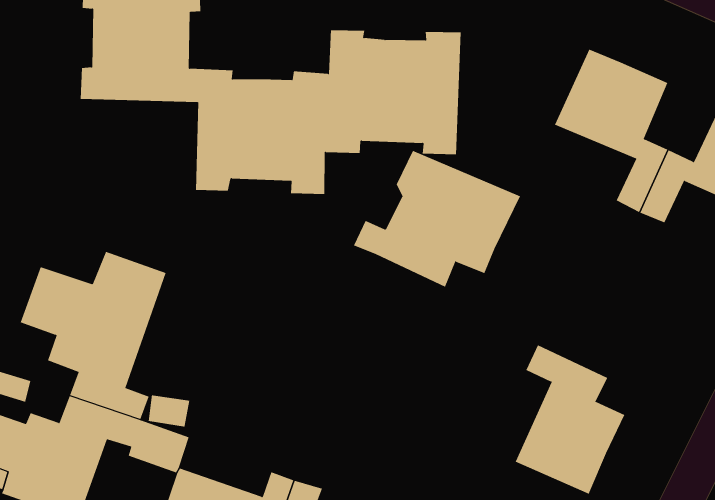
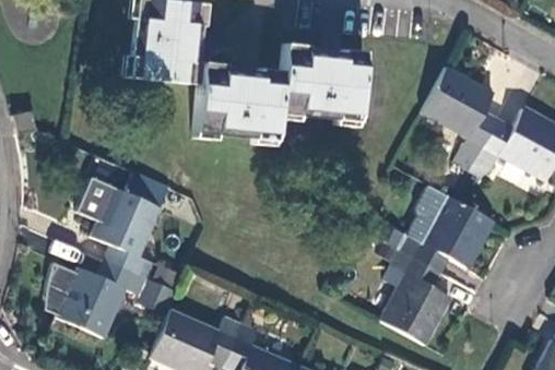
building: [353,150,521,287] -> [386,187,493,274]

